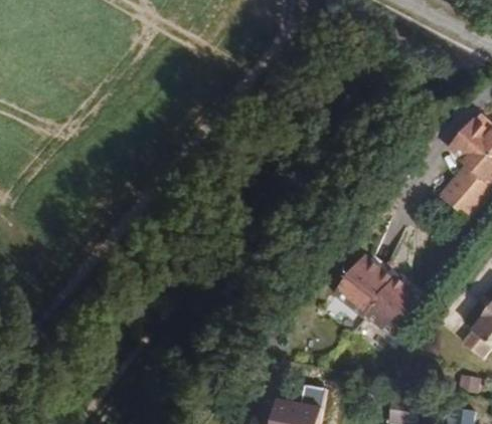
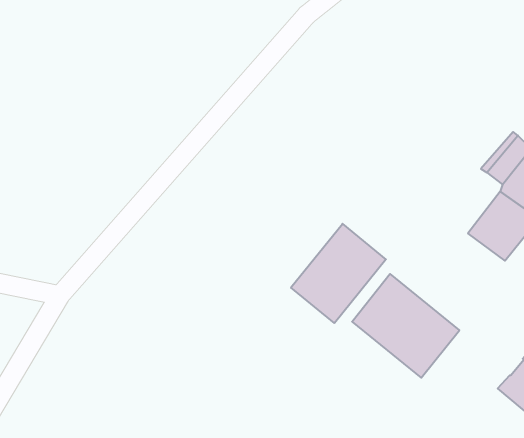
building: none -> [291,224,386,323]

